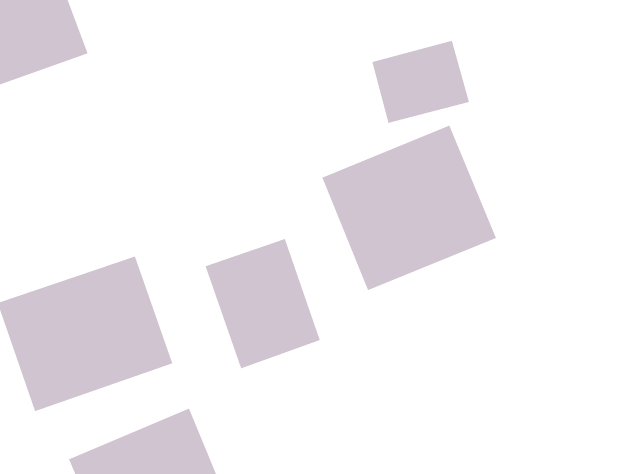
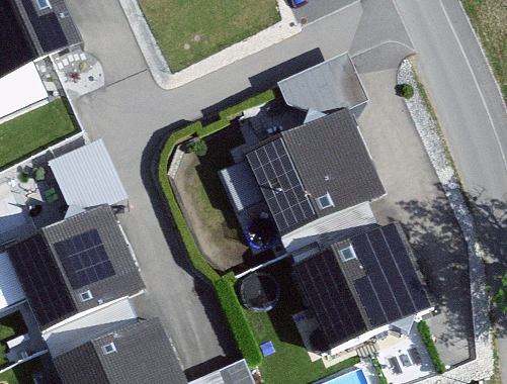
building: none -> [51,132,120,205]
building: [205,238,321,369] -> none
building: none -> [299,223,426,344]

